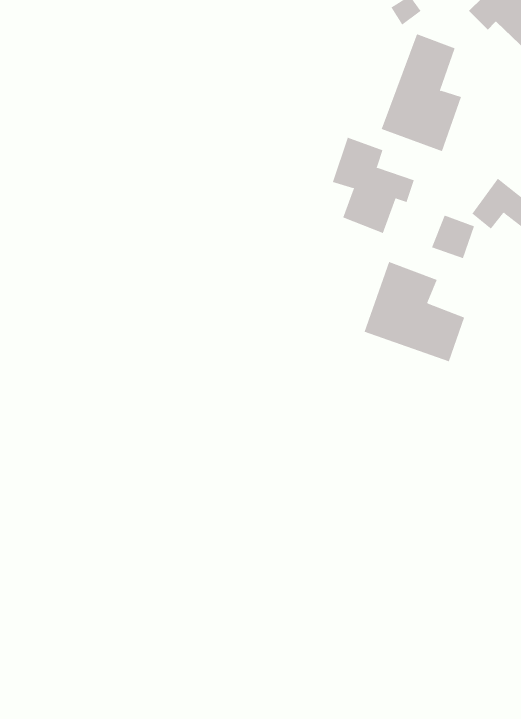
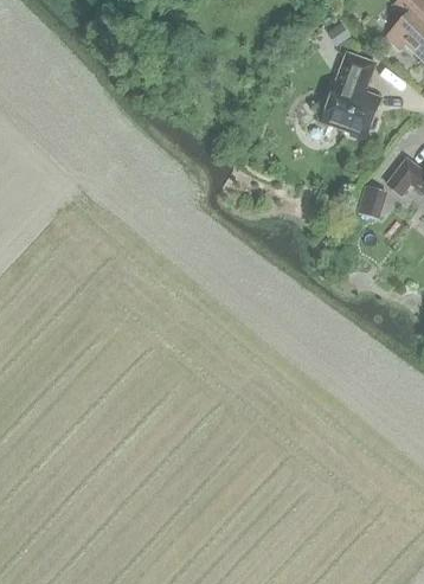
building: [332,137,414,234] -> none
building: [364,261,465,362] -> none

